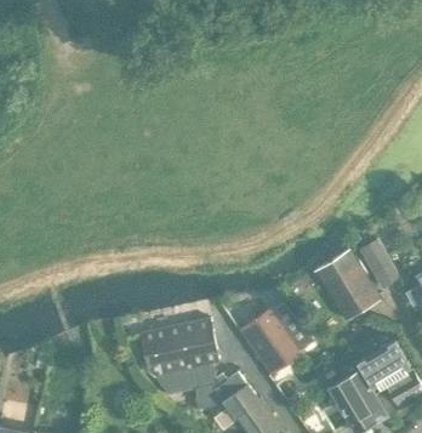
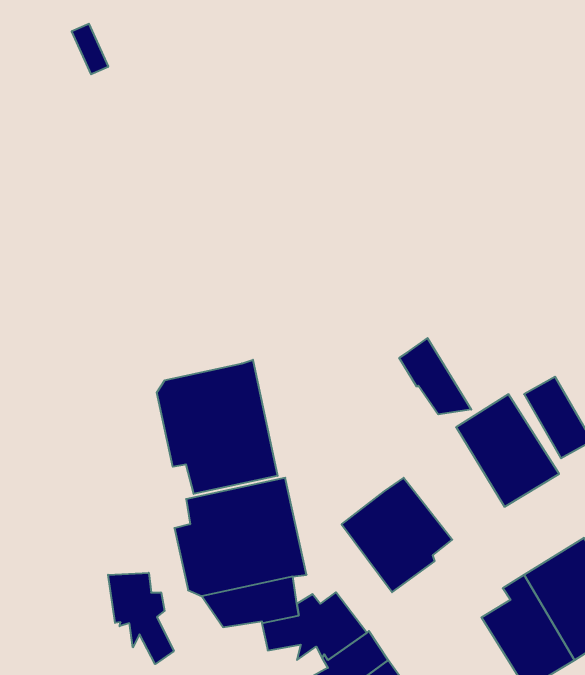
building: none -> [399,338,471,414]
building: none -> [157,360,278,494]
building: none -> [108,573,174,664]

